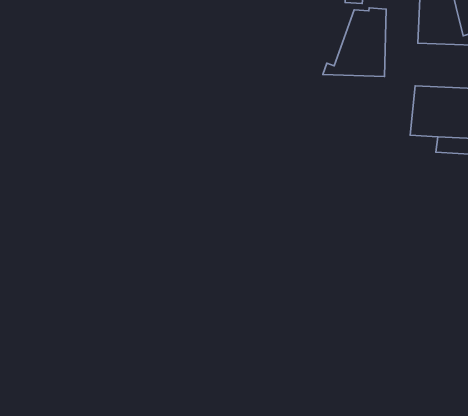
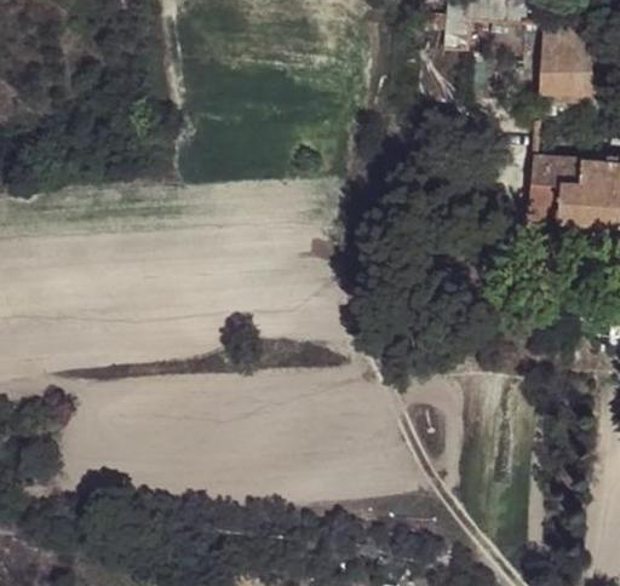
building: [323,8,386,77] -> none

